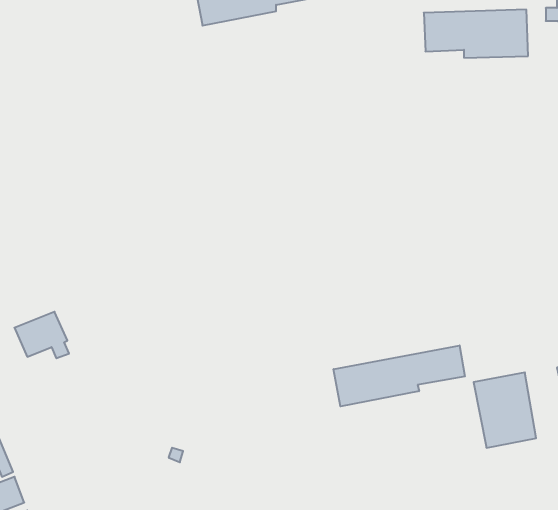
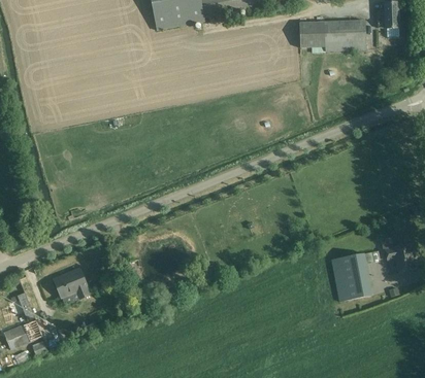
building: [14,312,69,358] -> [54,268,89,298]
building: [334,345,465,406] -> none

